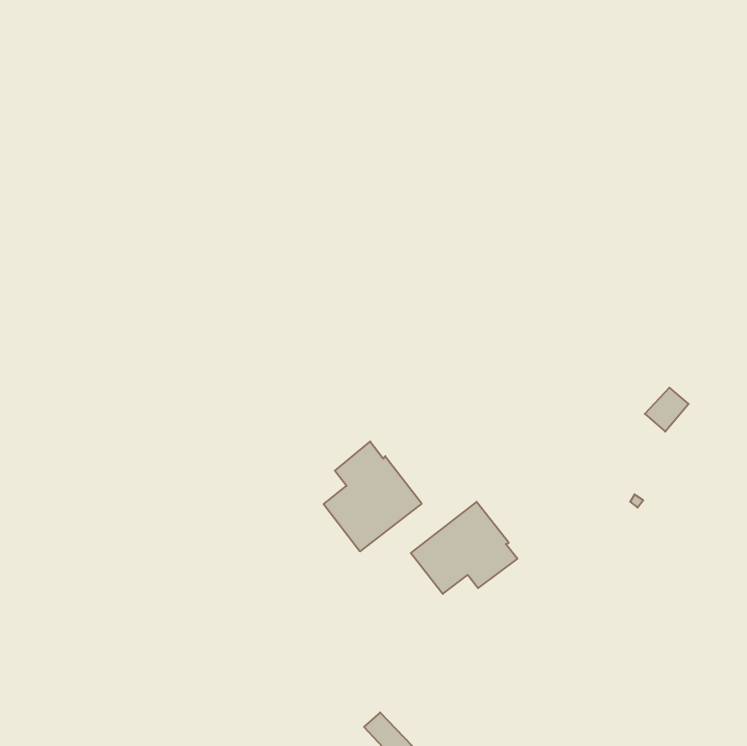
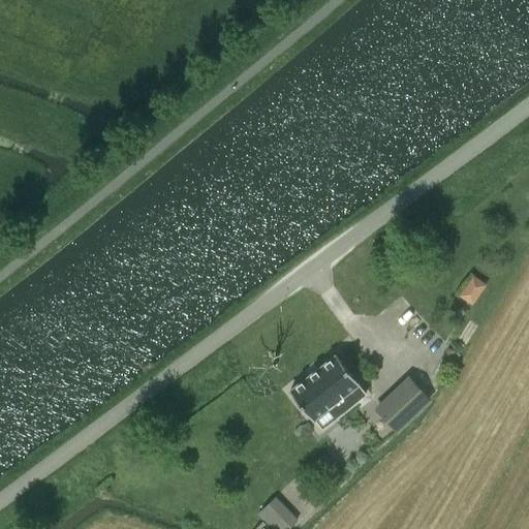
building: [324,441,422,551] -> none
building: none -> [374,376,433,434]

